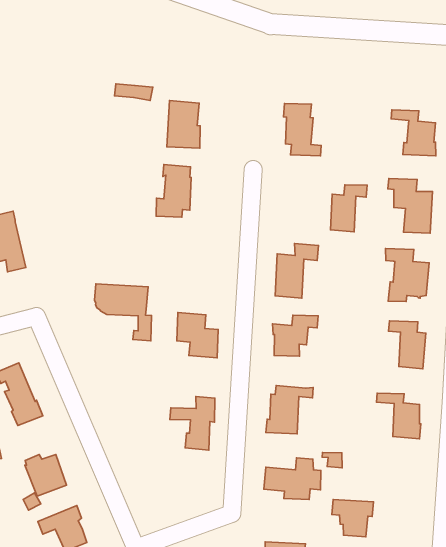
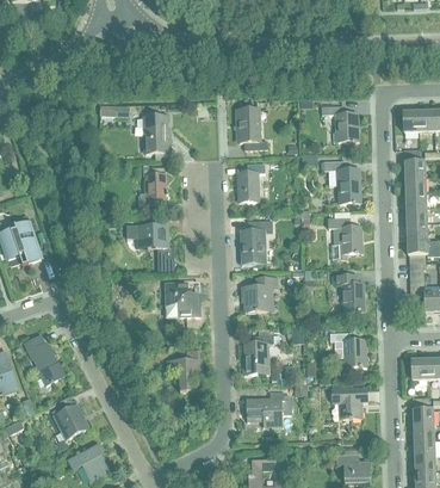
building: [330,185,367,232] -> [237,162,265,200]
building: [94,284,152,341] -> [126,223,174,266]
building: [332,500,374,537] -> [333,388,365,416]

